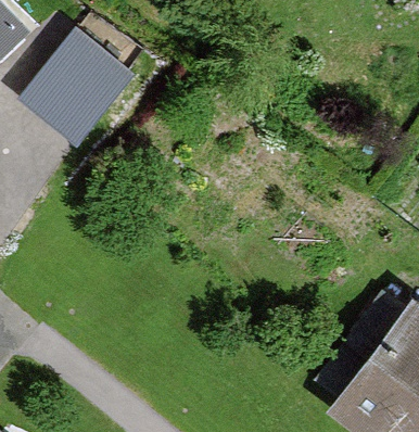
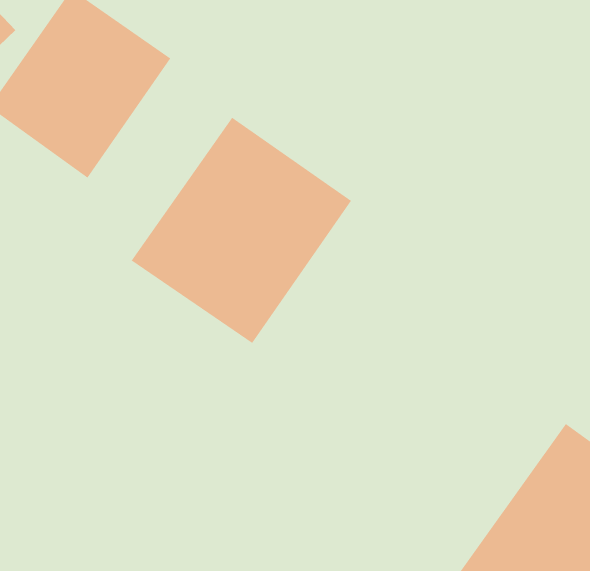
building: none -> [131,117,352,344]

